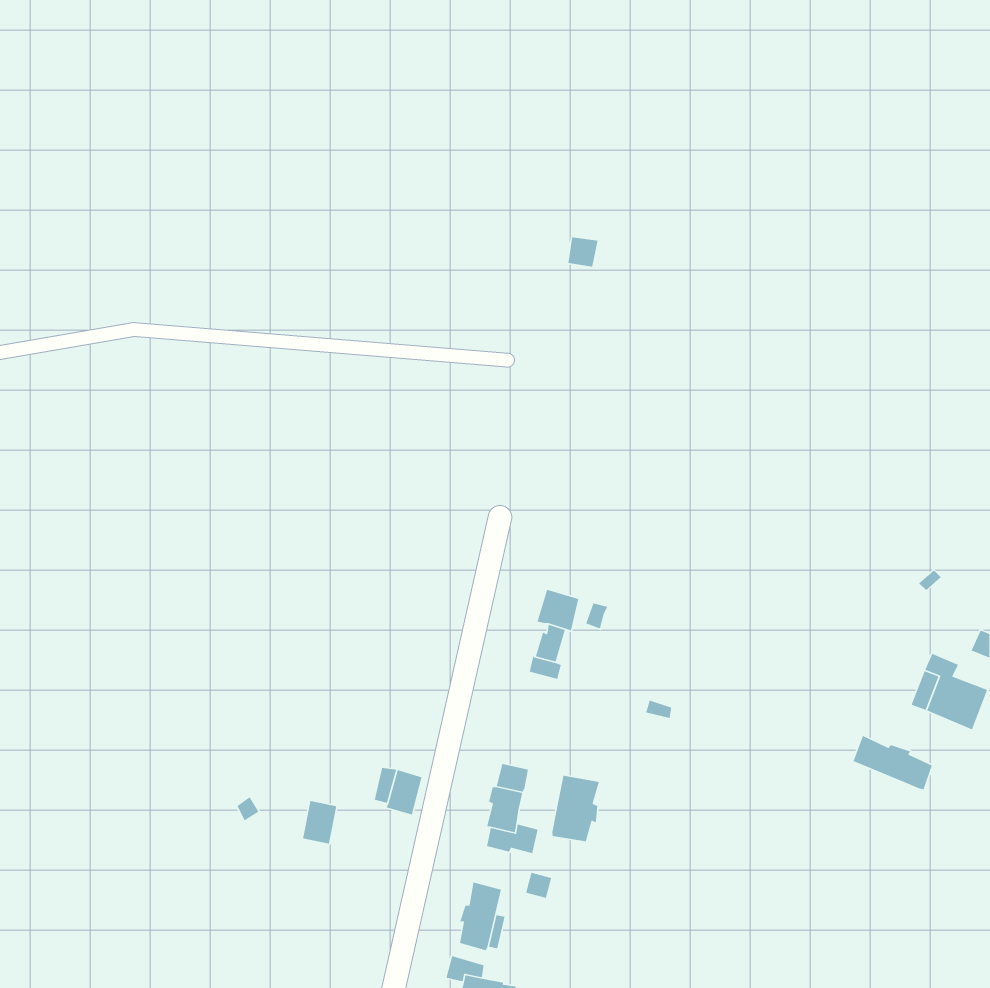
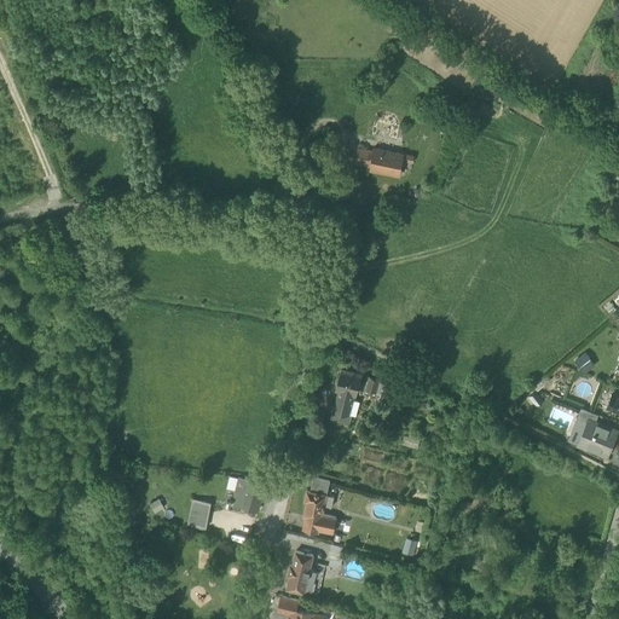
building: none -> [370,149,404,177]
building: [853,735,933,790] -> none
building: [551,775,600,842] -> none

